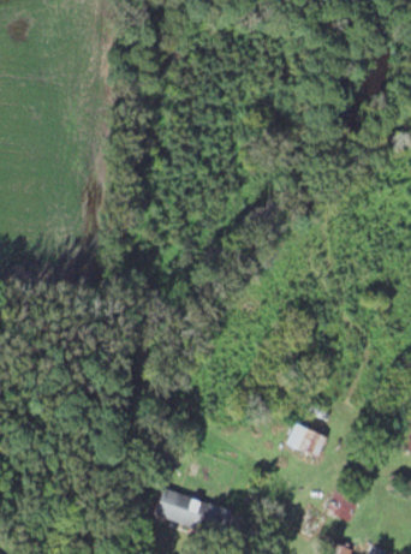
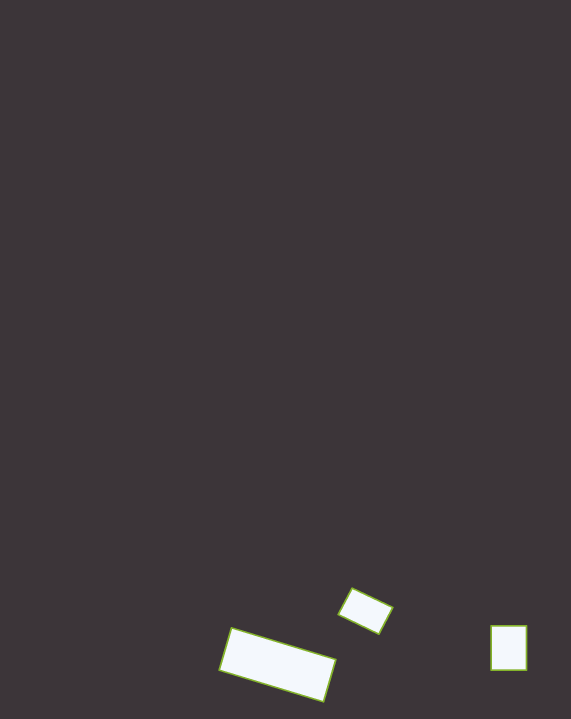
building: [287,425,324,457] -> [338,588,393,634]

